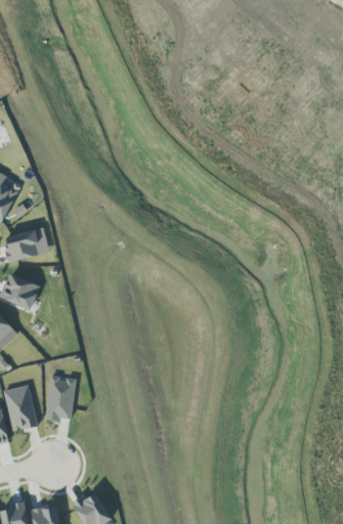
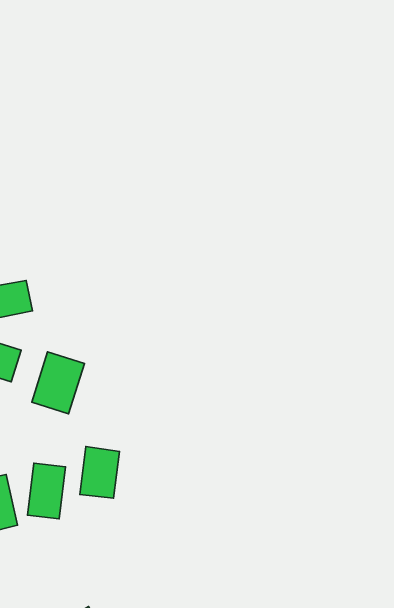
building: none -> [32,352,84,414]
building: none -> [80,447,120,498]

